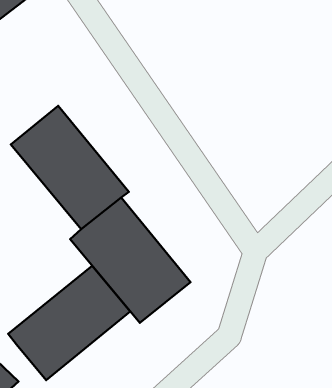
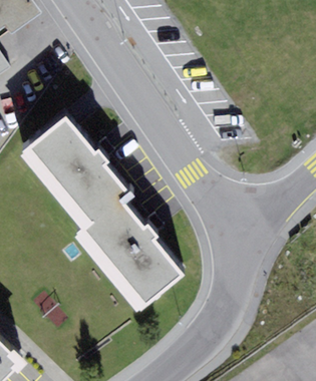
building: [8,266,130,380] -> none

